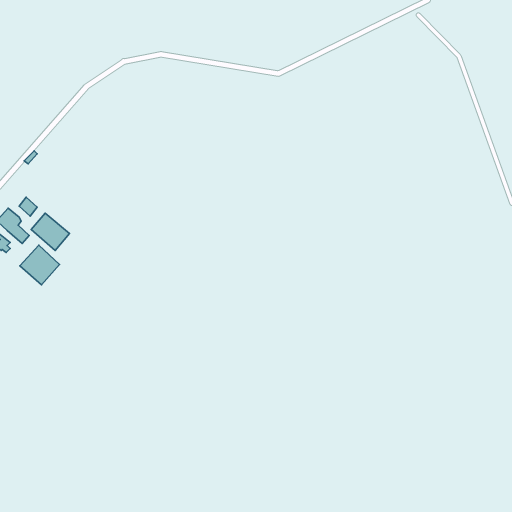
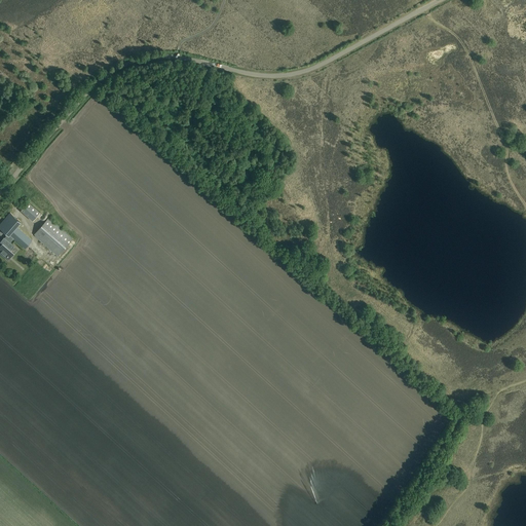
building: [20,245,59,285] -> none

